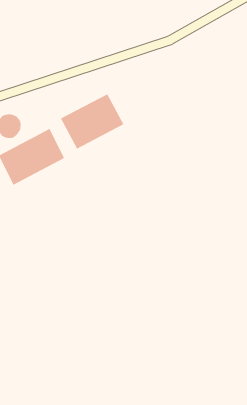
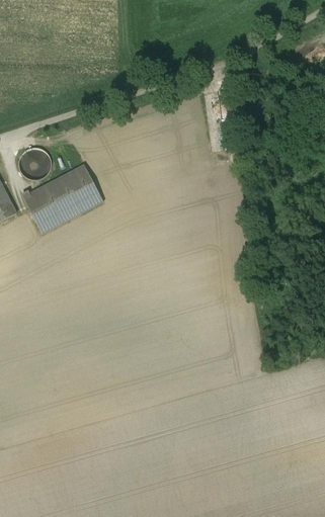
building: [60,93,124,150] -> none

